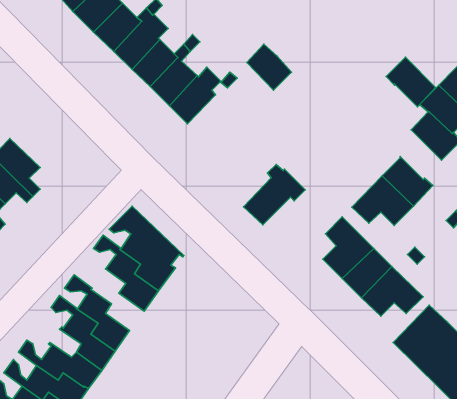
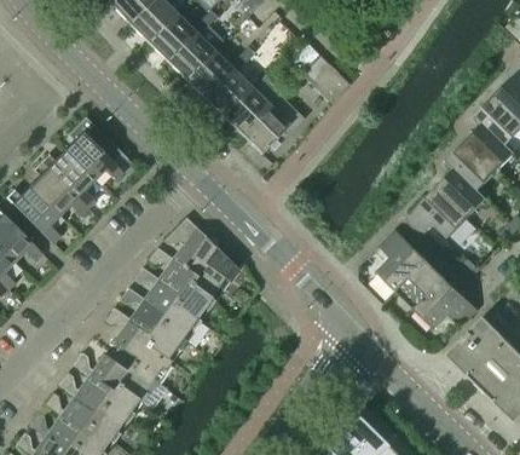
building: [386,57,436,107] -> [446,142,496,191]
building: none -> [64,116,122,179]
building: [243,164,305,225] -> [242,93,304,154]
building: none -> [133,267,198,342]

